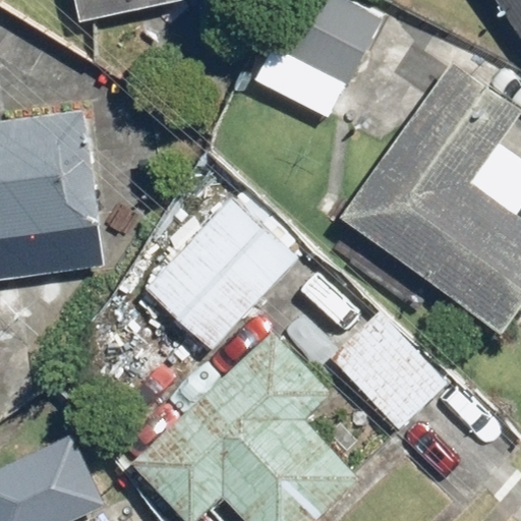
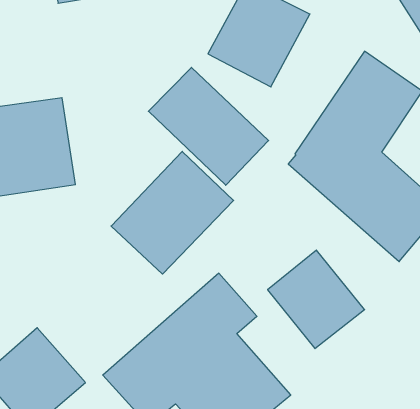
building: none -> [148,67,269,185]

